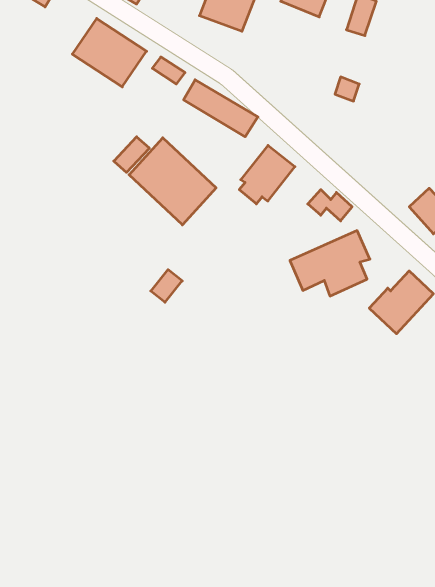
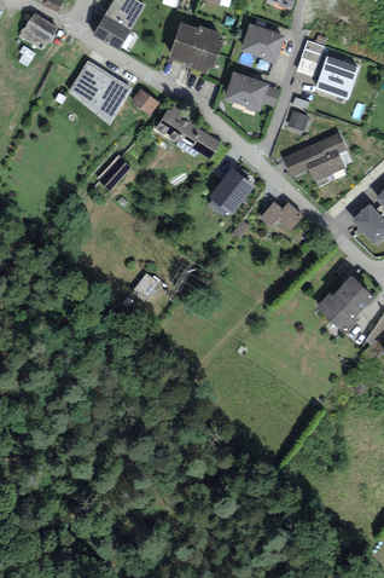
building: none -> [316,56,357,97]
building: none -> [225,71,267,109]
building: [129,138,216,225] -> none
building: [290,231,370,296] -> [278,127,345,183]

